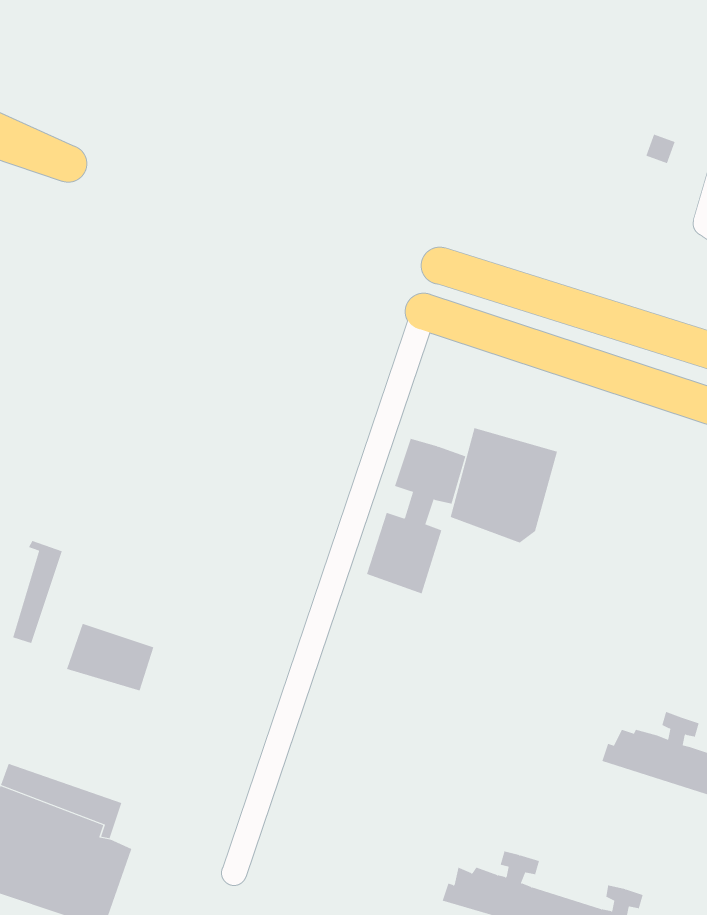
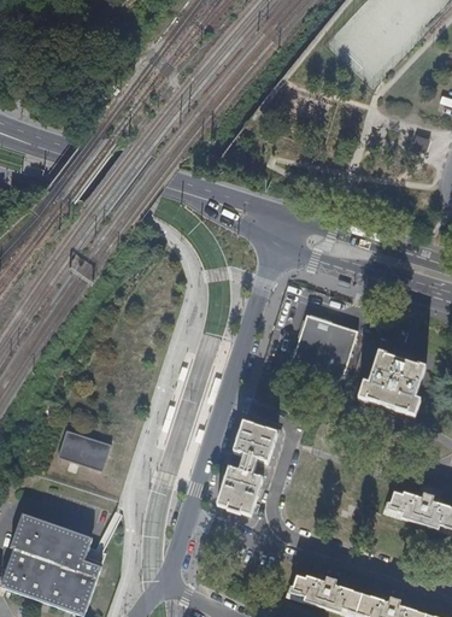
building: [366,438,466,594] -> [217,424,277,518]
building: none -> [360,353,425,419]
building: [13,540,63,644] -> none

